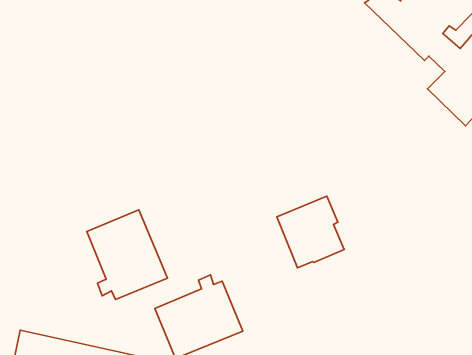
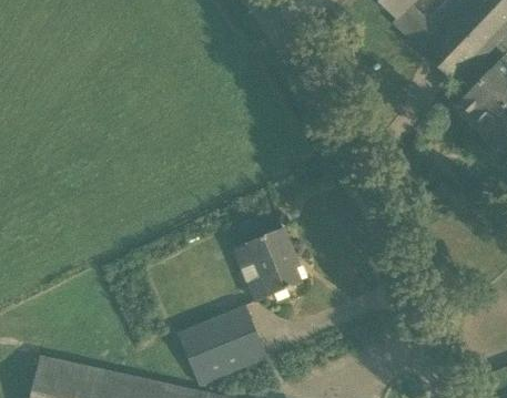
building: [277,196,344,268] -> [233,227,302,300]
building: [87,210,168,300] -> none

